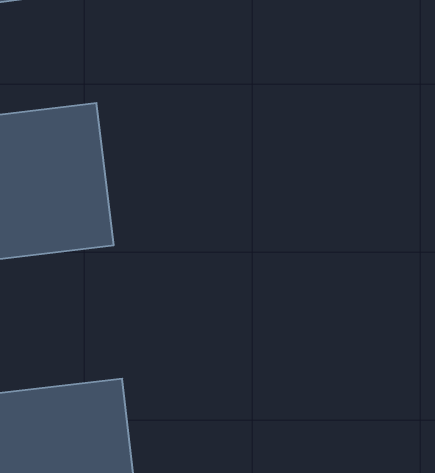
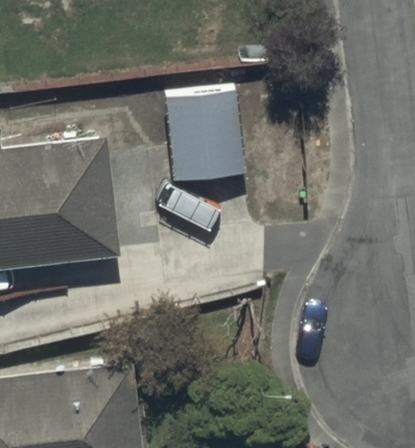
building: none -> [161,90,249,183]

